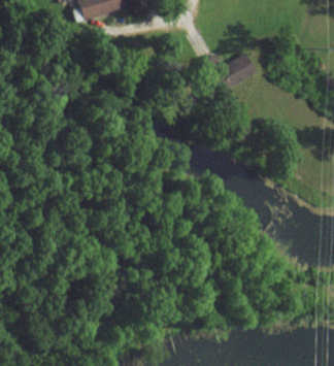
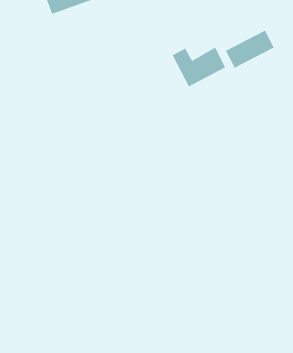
building: none -> [225,30,275,68]

